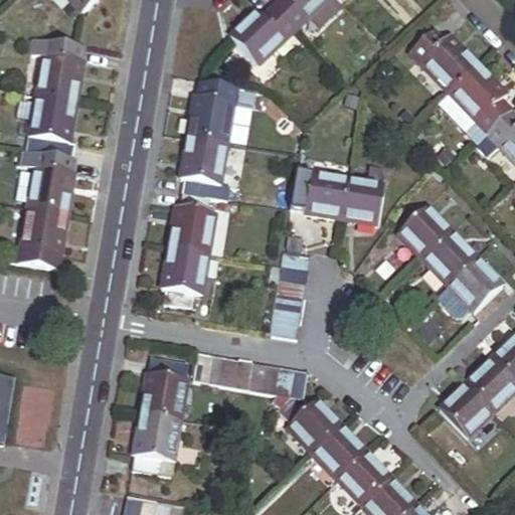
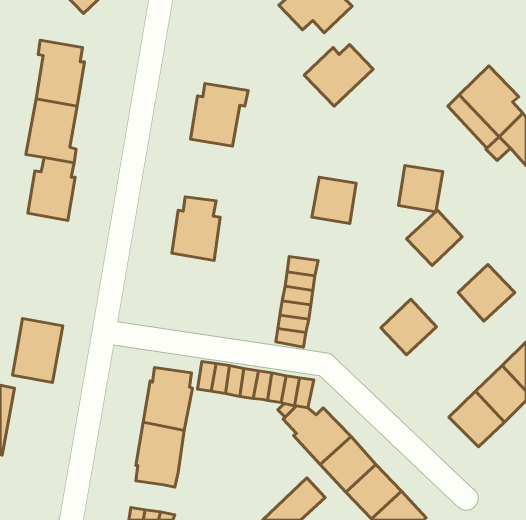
building: [228,5,296,65] -> [304,44,373,106]
building: [409,29,478,93] -> none
building: [179,136,227,196] -> none
building: [342,179,385,224] -> [399,165,443,212]
building: [17,208,66,271] -> [12,319,63,382]
building: [422,231,477,286] -> [381,299,437,355]
building: [161,247,209,309] -> none

